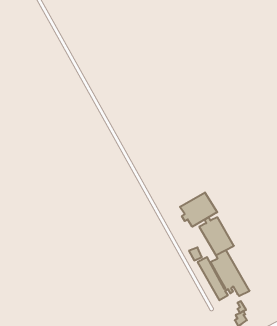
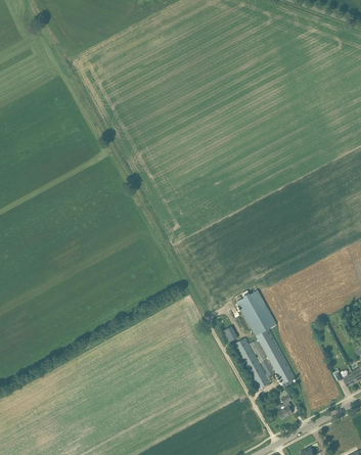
building: [180,192,217,227] -> none

